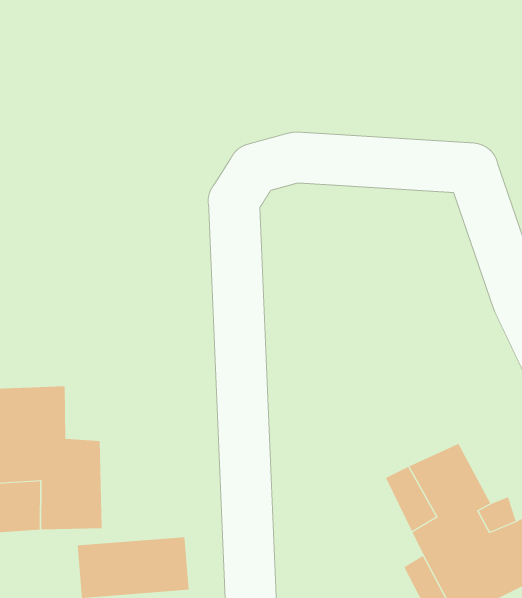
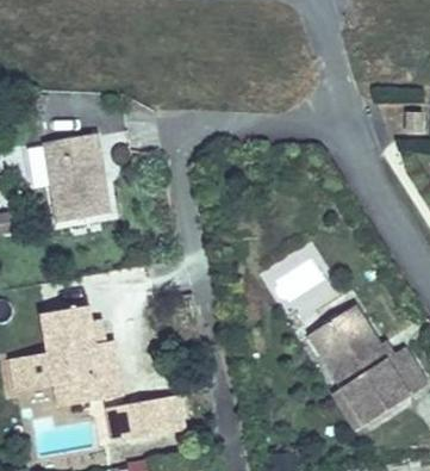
building: none -> [43,141,108,235]
building: none -> [264,254,335,326]

